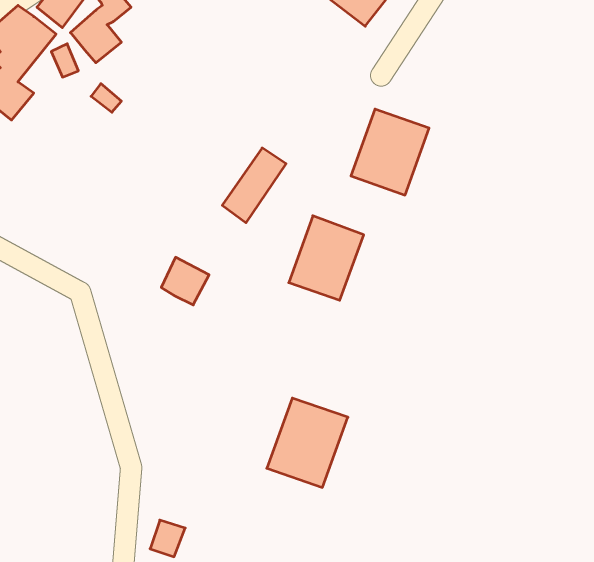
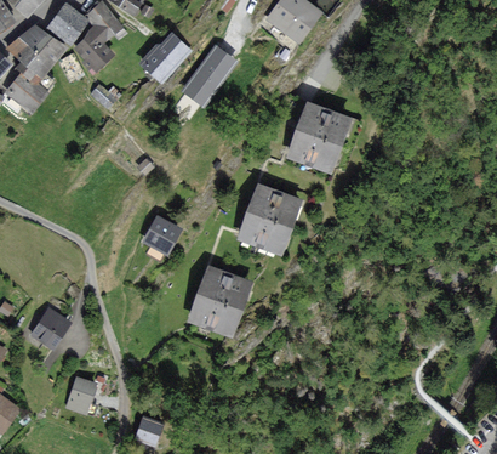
building: none -> [141,33,189,80]
building: [222,148,286,223] -> [185,46,234,103]
building: none -> [33,308,68,346]
building: [267,398,348,487] -> [189,266,251,334]
building: none -> [68,378,95,412]

